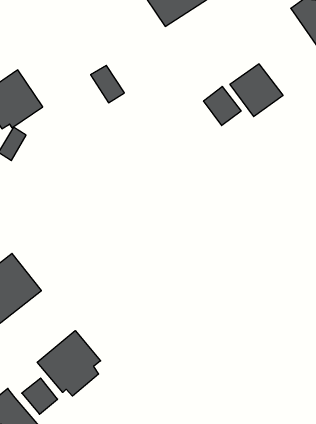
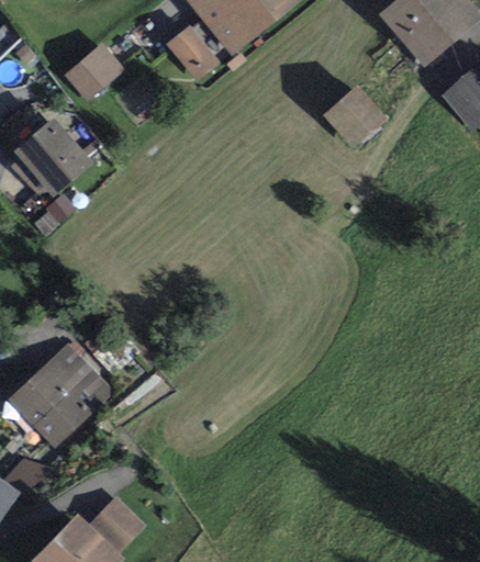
building: none -> [68,46,120,97]
building: [91,65,124,103] -> [170,29,214,75]
building: [204,86,241,126] -> none
building: [37,331,101,396] -> none

